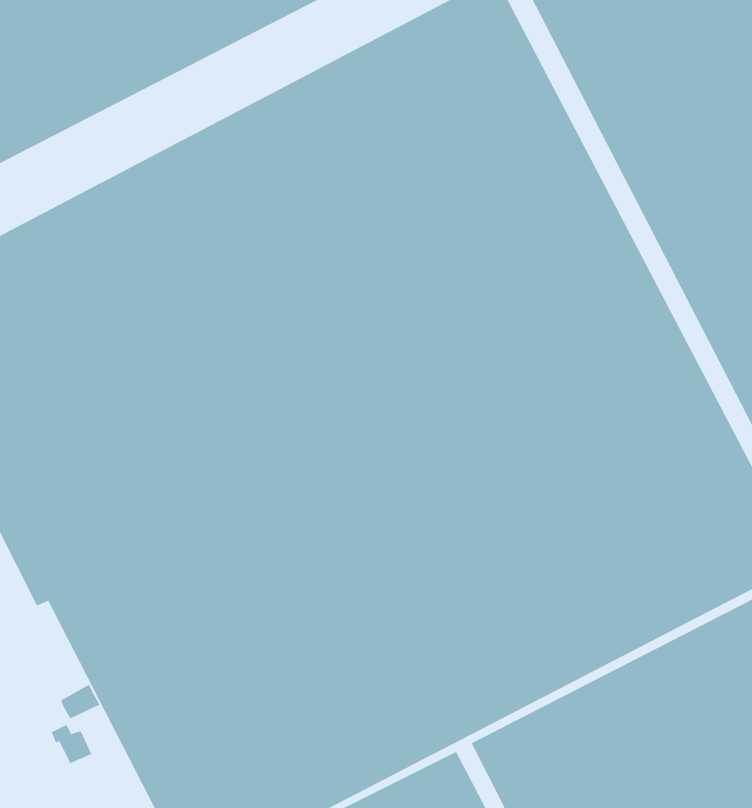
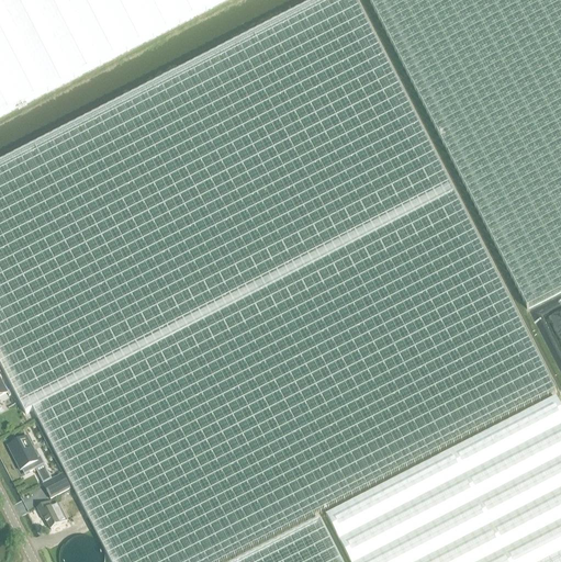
building: none -> [9,436,44,472]

